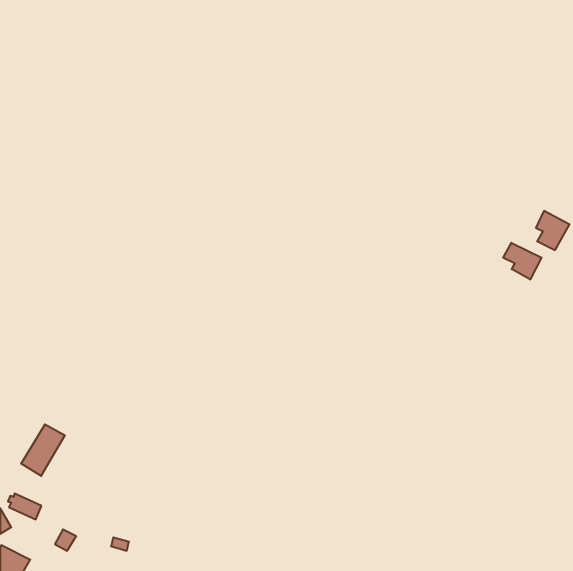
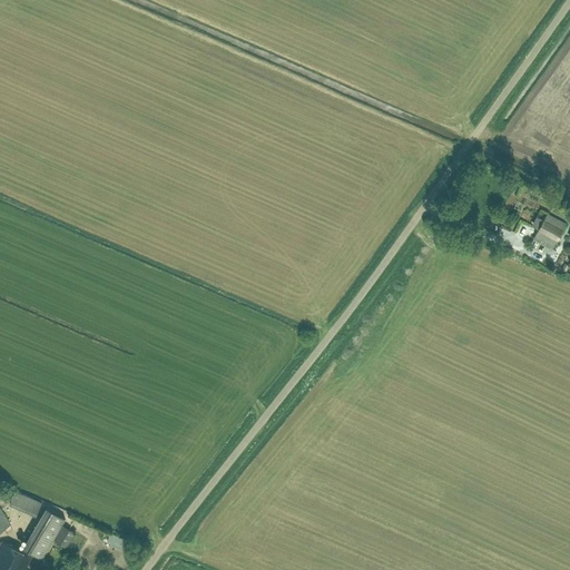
building: [503,243,542,280] -> none
building: [21,424,65,476] -> [21,509,65,560]

